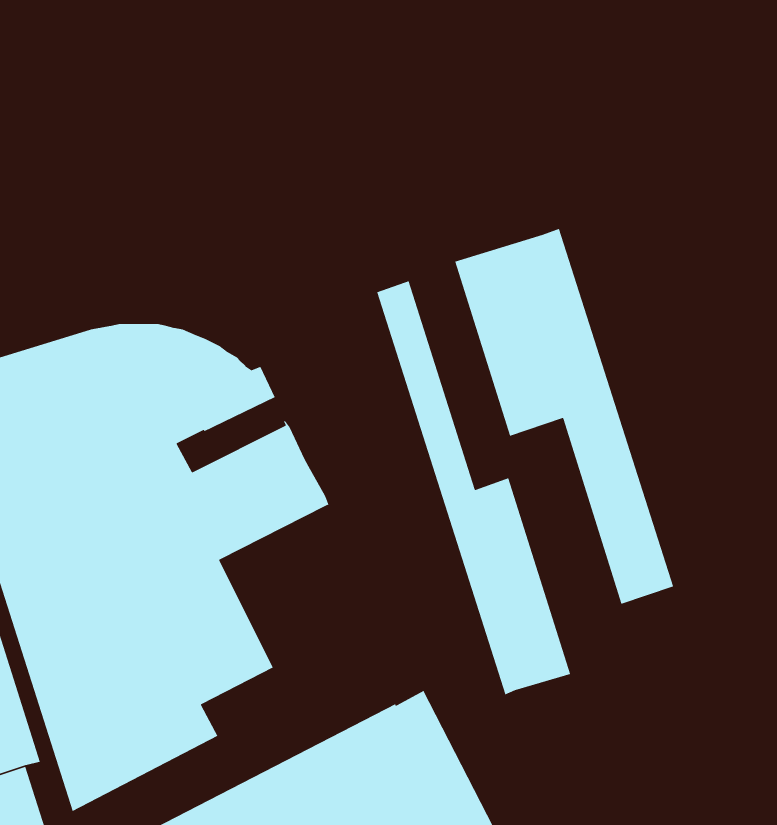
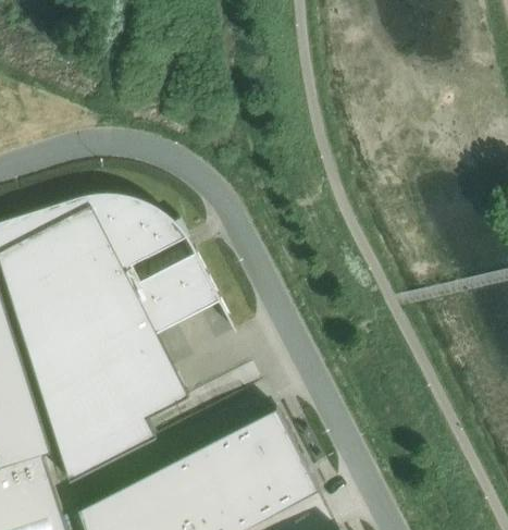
building: [454,228,674,605] -> none
building: [376,280,571,695] -> none

